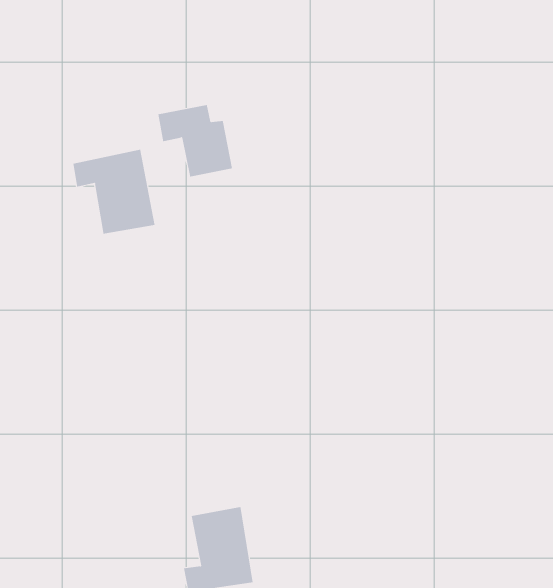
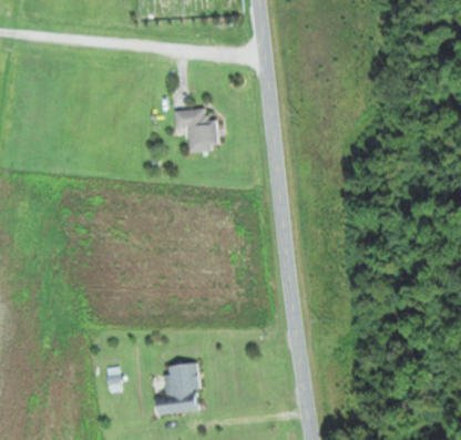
building: [73,149,155,234] -> none

